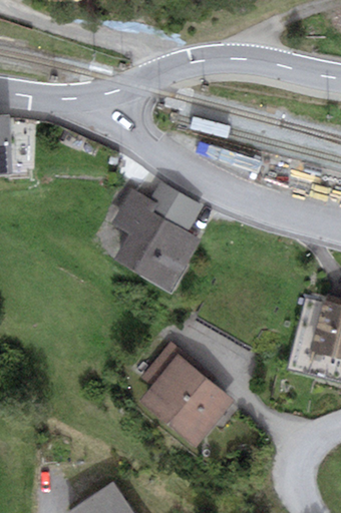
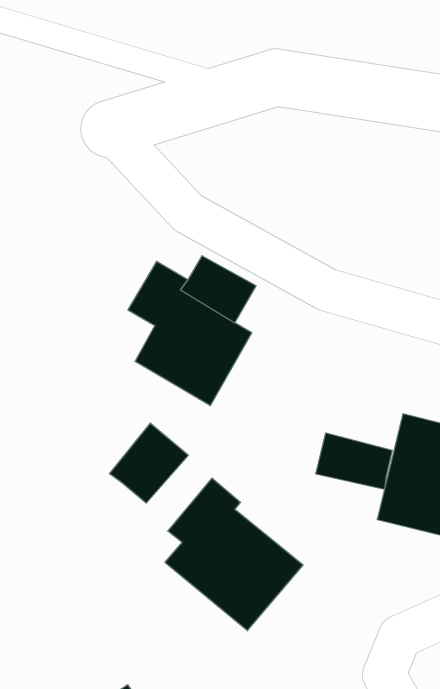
building: none -> [110,423,188,503]
building: none -> [316,433,392,489]

